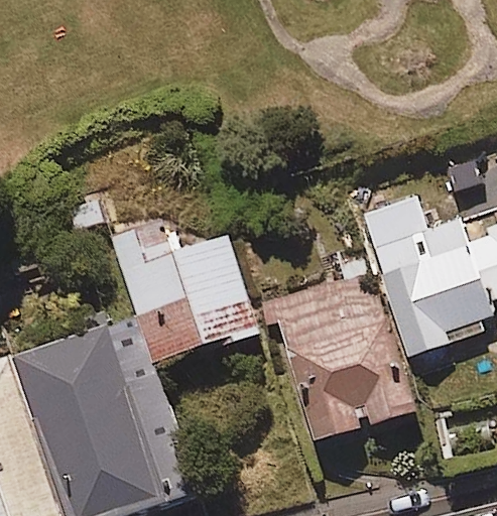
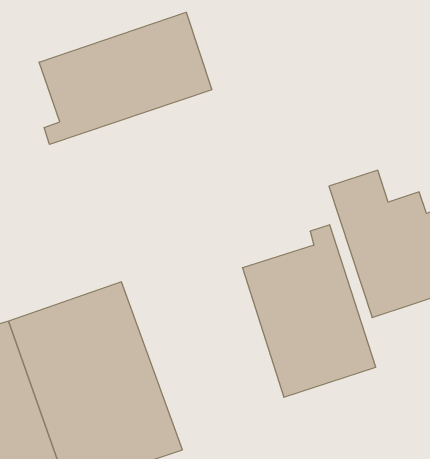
building: none -> [39,12,212,144]
building: [110,220,260,365] -> none

